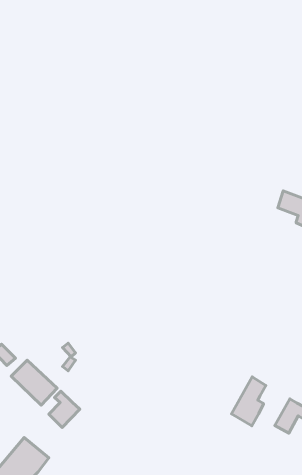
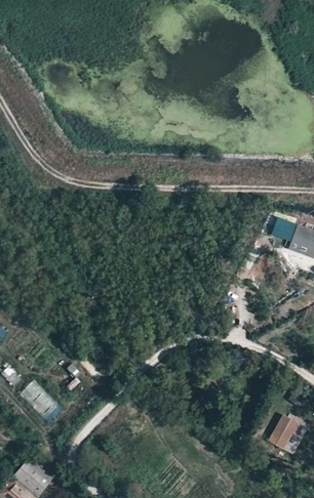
building: [231,377,266,426] -> none
building: [49,391,80,427] -> none

